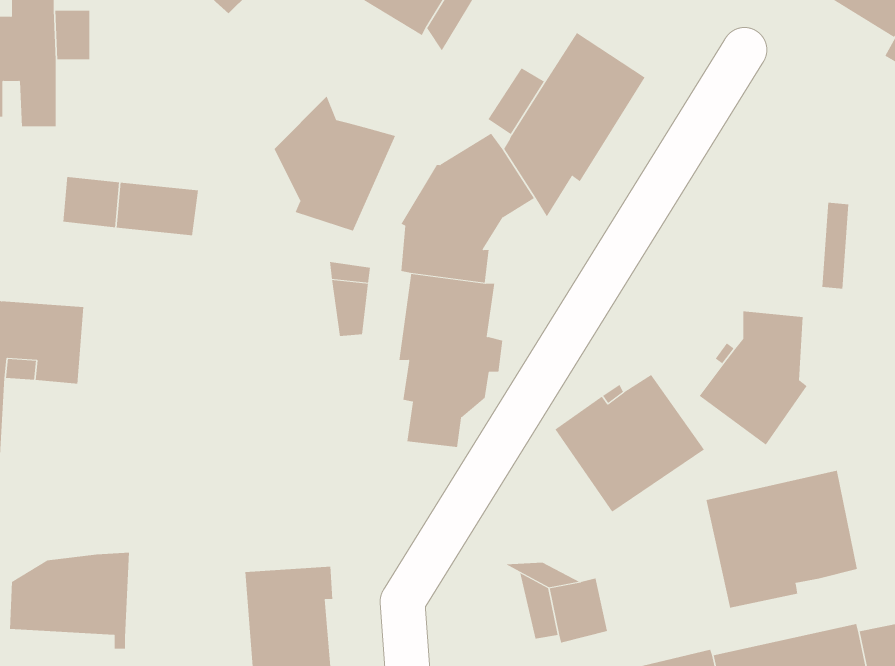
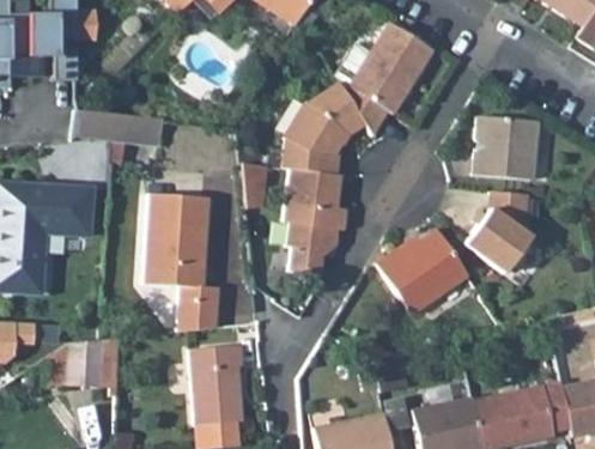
building: [274,95,396,232] -> none
building: none -> [474,116,538,180]
building: none -> [144,194,219,332]
building: [706,470,857,608] -> none

